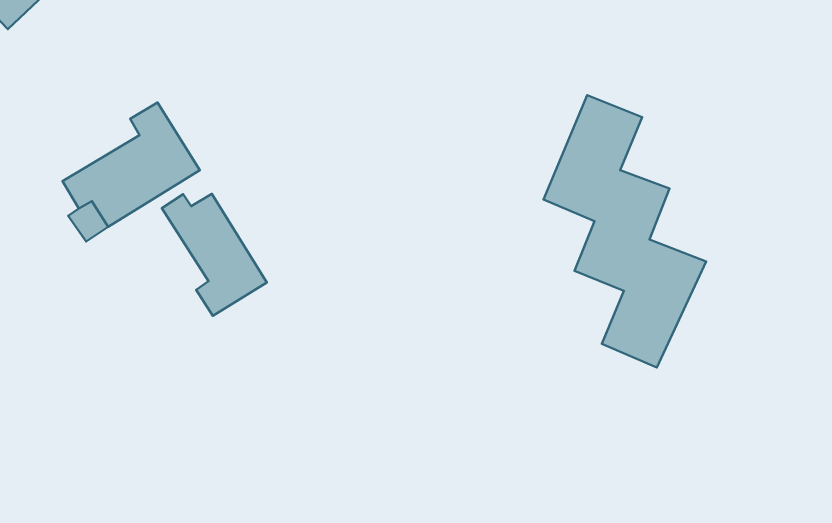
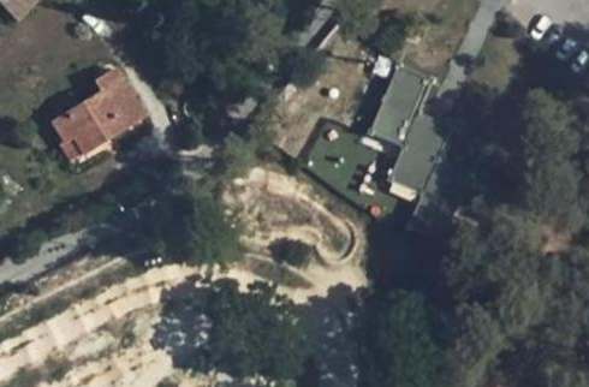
building: [162,194,267,316] -> none

